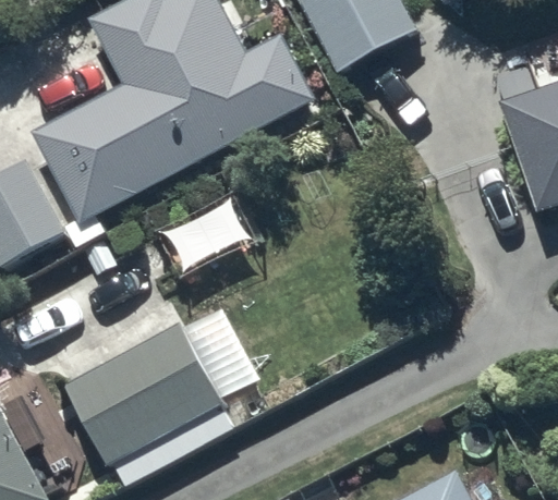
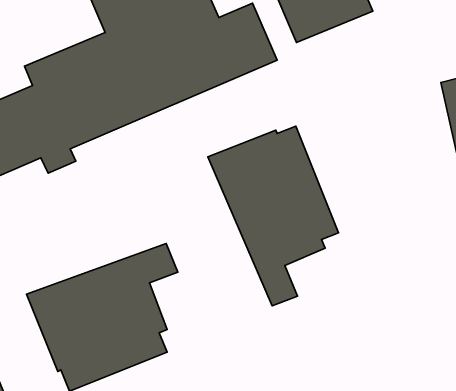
building: none -> [208,126,338,306]

